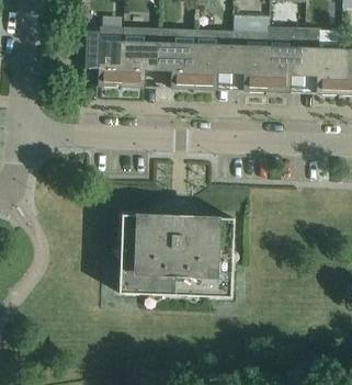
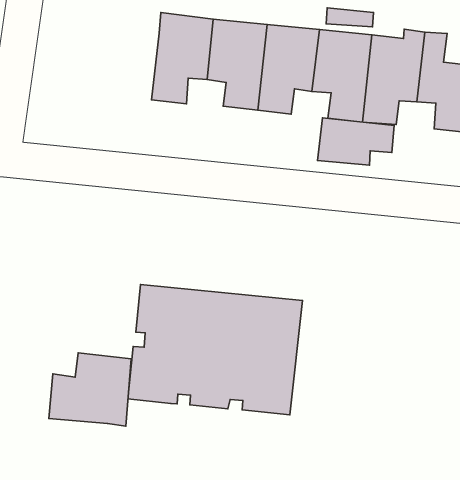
building: [83,31,122,87] -> none
building: none -> [318,118,394,165]
building: none -> [49,353,131,426]

